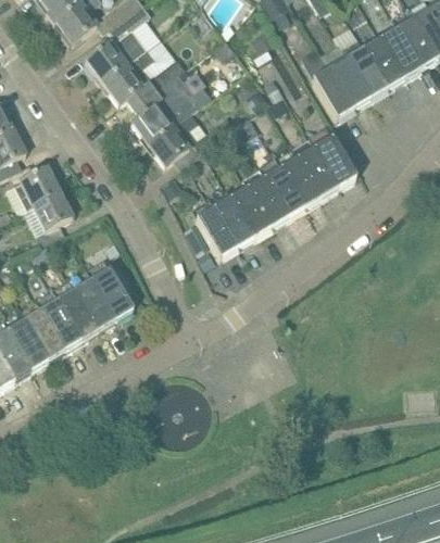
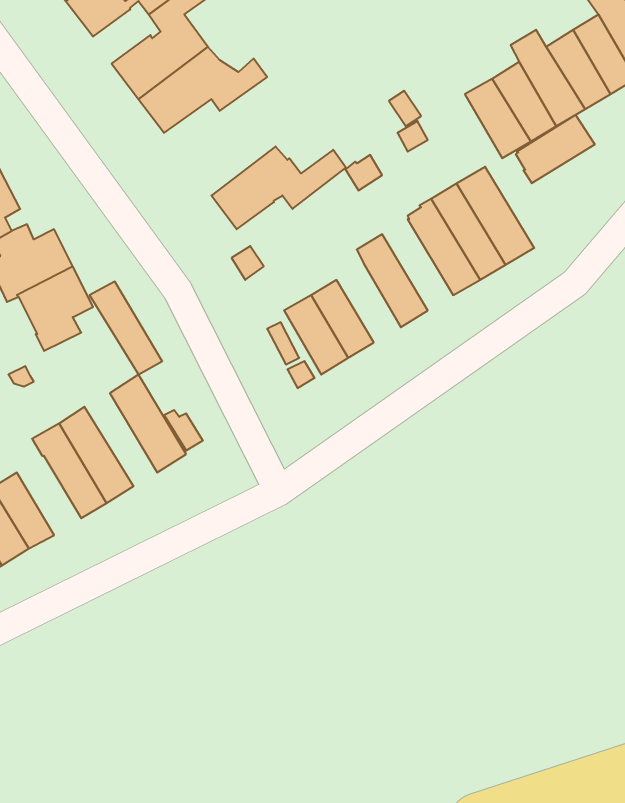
building: [131,66,199,142] -> none
building: none -> [516,115,595,183]
building: [259,157,304,216] -> none
building: [229,186,271,237] -> none
building: [67,269,114,329] -> [90,282,162,375]
building: [24,310,65,361] -> none

